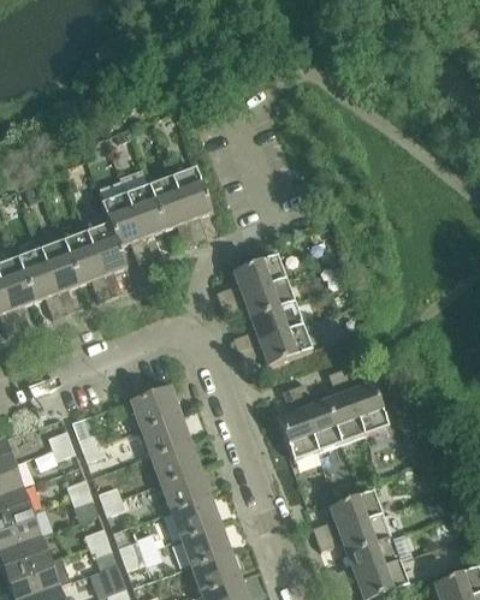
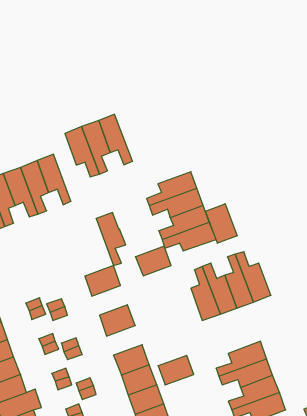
building: [171,166,212,239] -> none
building: [87,221,128,295] -> [96,213,126,266]
building: none -> [206,204,237,243]
building: [140,411,189,452] -> [135,246,171,276]
building: [160,467,209,507] -> [158,355,194,385]

